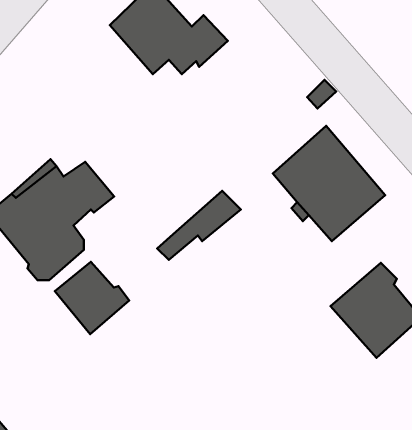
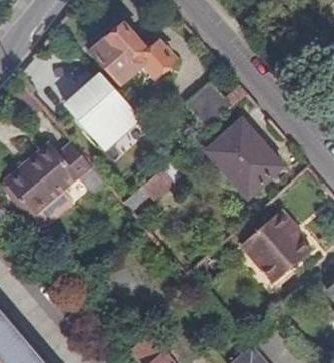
building: none -> [64,73,140,150]
building: none -> [183,79,231,128]
building: [55,262,129,334] -> none

